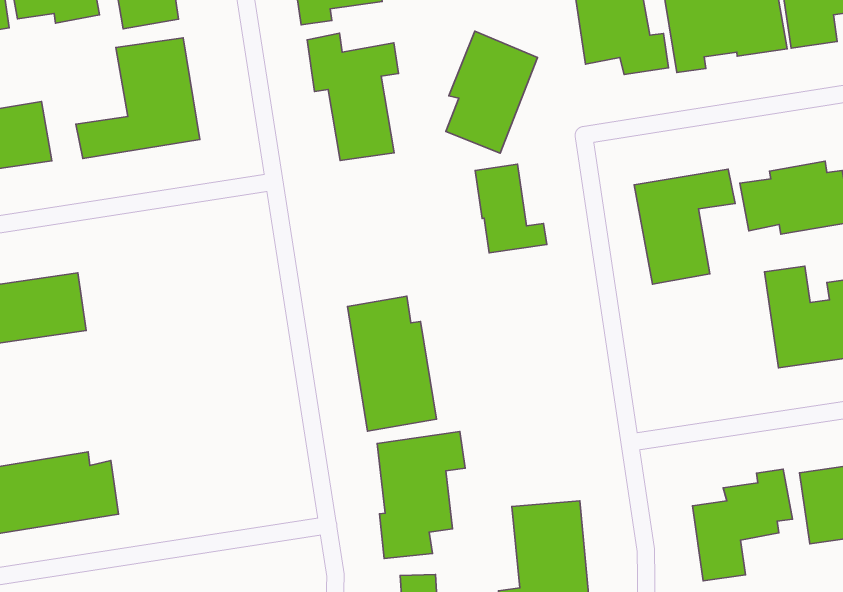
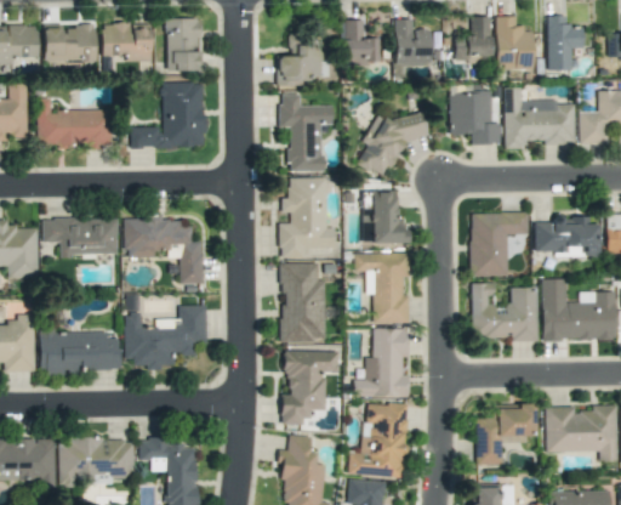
building: none -> [280,177,336,259]
building: none -> [125,216,204,284]
building: none -> [354,252,410,323]
building: none -> [472,283,539,342]
building: none -> [354,328,410,397]
building: none -> [125,305,207,368]

